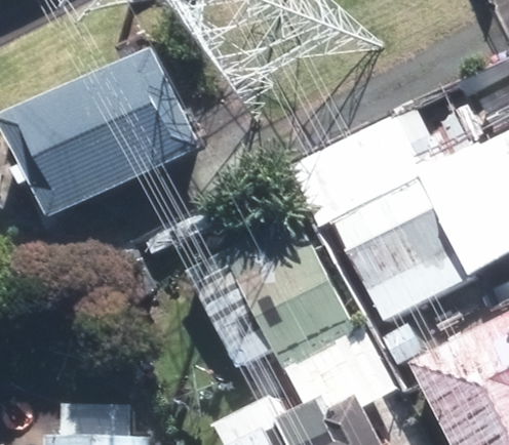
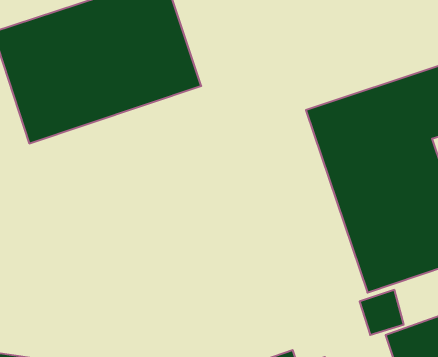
building: [222,209,352,357] -> none

